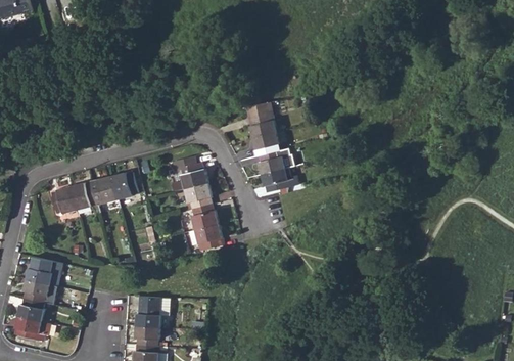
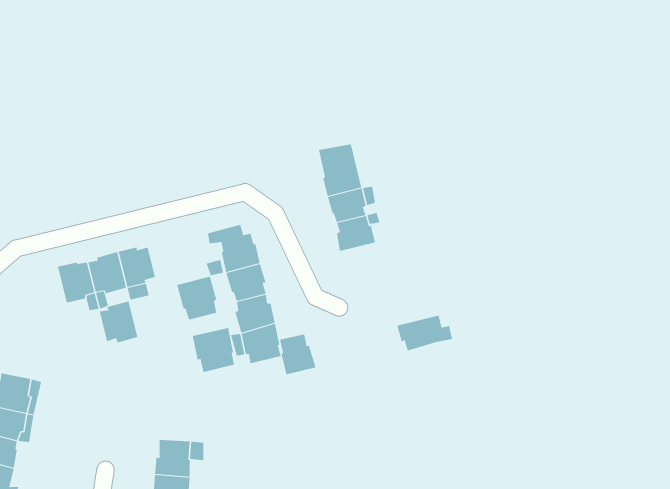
building: [261,168,298,192] -> [397,315,453,351]
building: [50,185,77,214] -> [99,301,138,343]
building: none -> [177,276,217,320]
building: none -> [192,327,234,373]
building: none -> [279,333,316,375]

